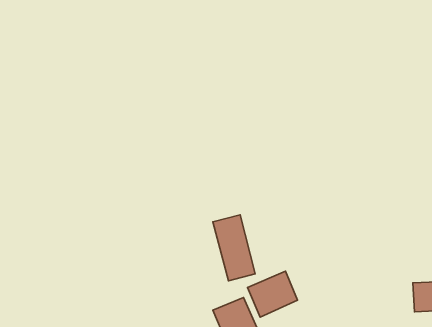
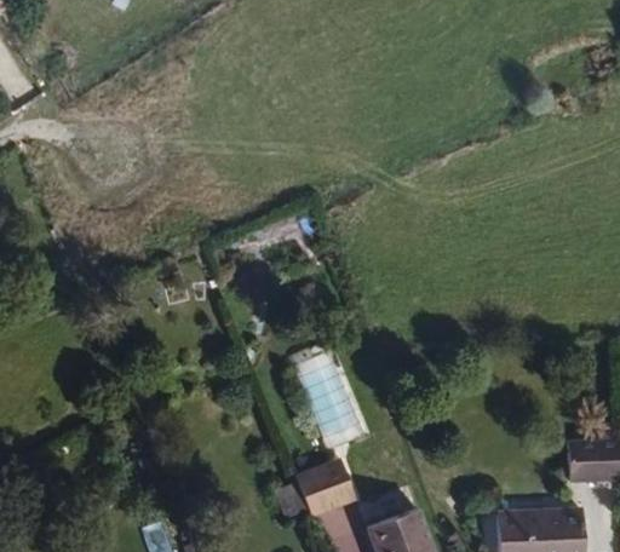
building: [247,271,297,317] -> none

